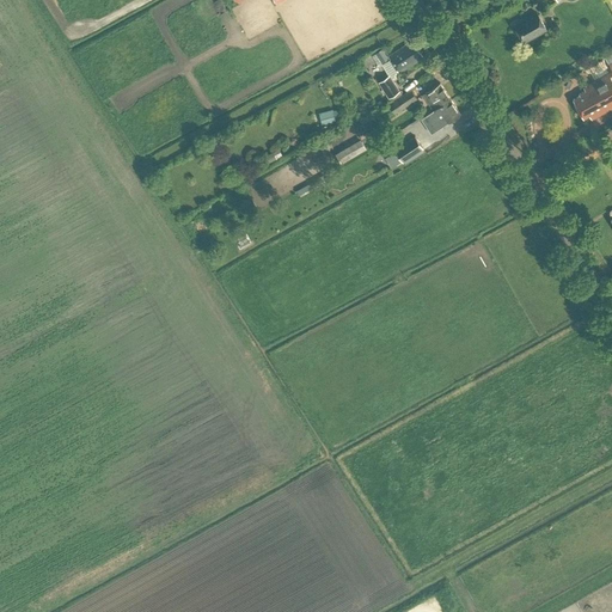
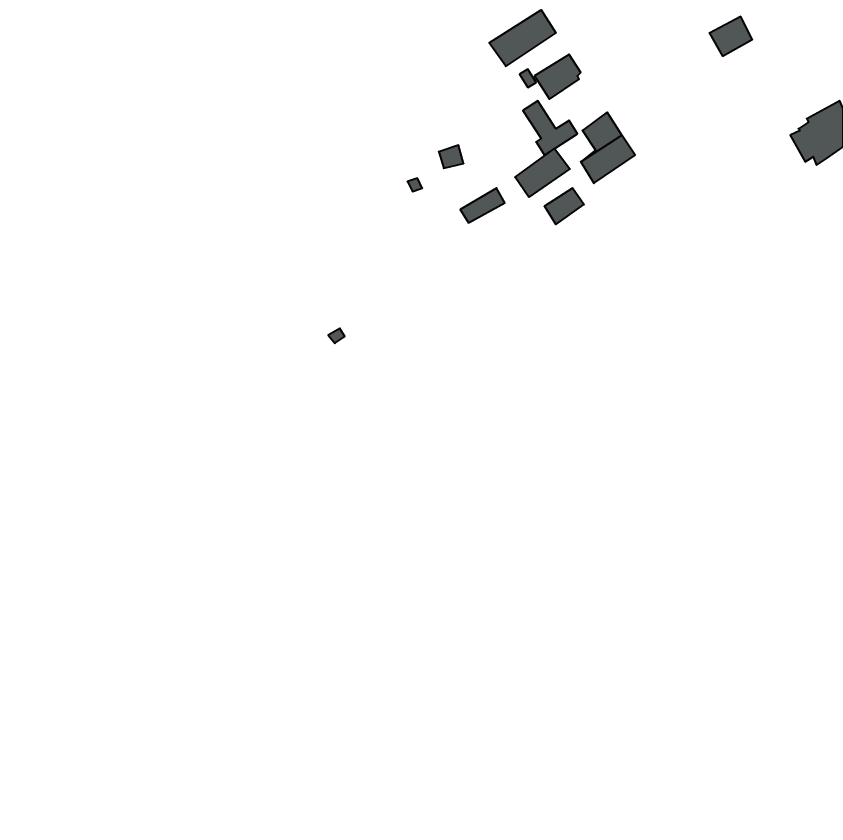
building: none -> [489,10,556,66]
building: none -> [515,149,570,197]

